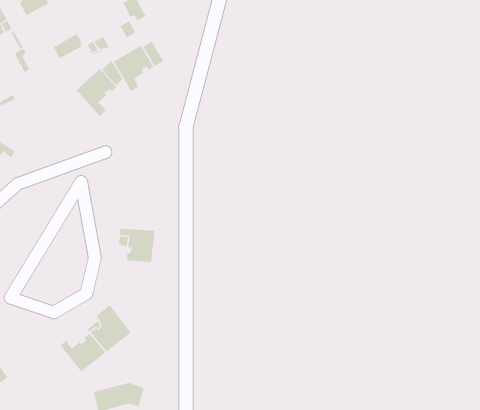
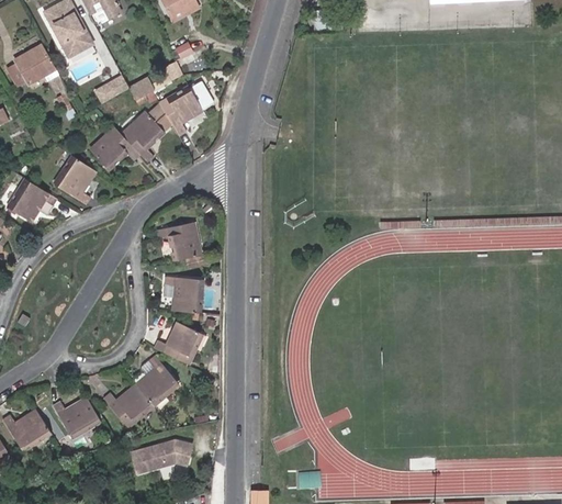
building: none -> [89,126,137,168]
building: none -> [54,155,93,203]
building: none -> [156,223,200,261]
building: none -> [154,324,201,366]
building: none -> [52,400,99,439]

